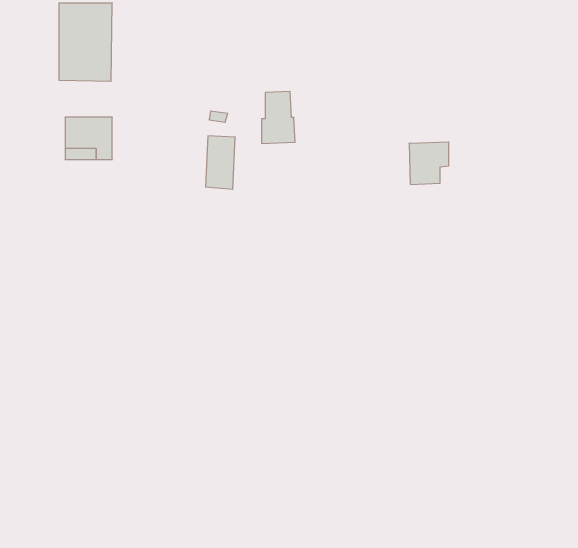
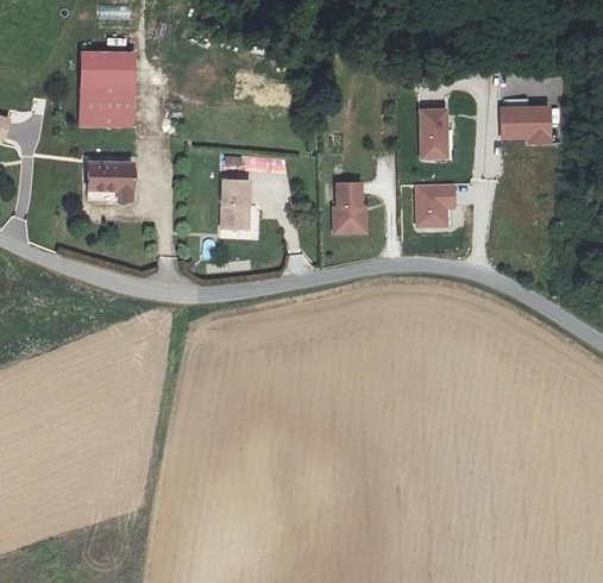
building: none -> [502,106,552,143]
building: none -> [420,108,448,158]
building: [262,91,295,144] -> [334,182,366,232]

